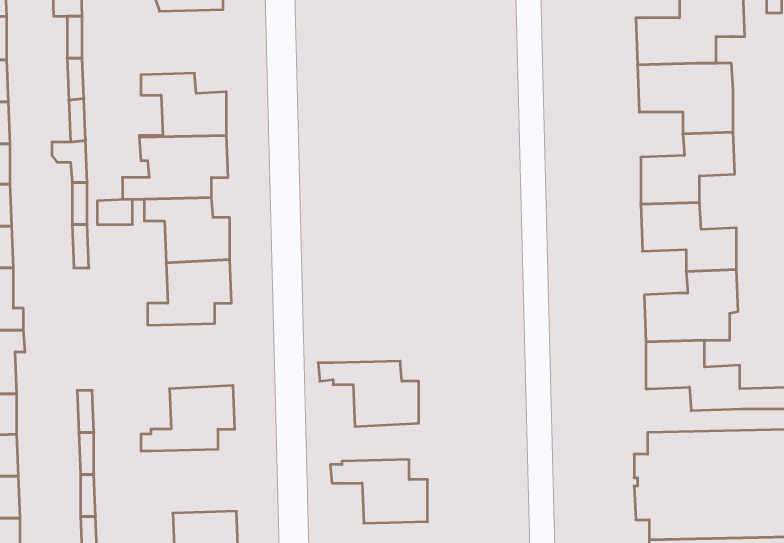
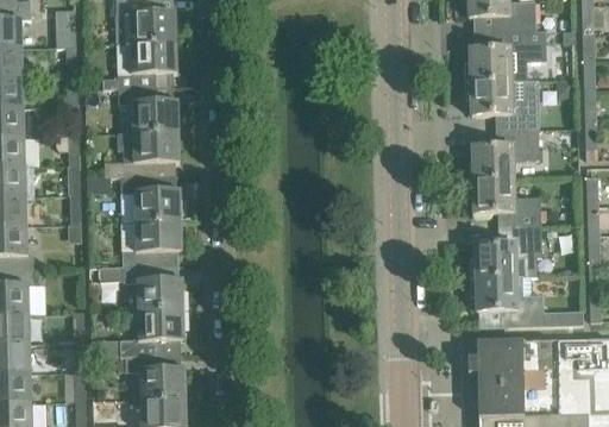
building: none -> [102,42,177,88]
building: [318,361,419,427] -> [112,264,183,310]
building: [330,460,428,523] -> [117,353,186,398]

